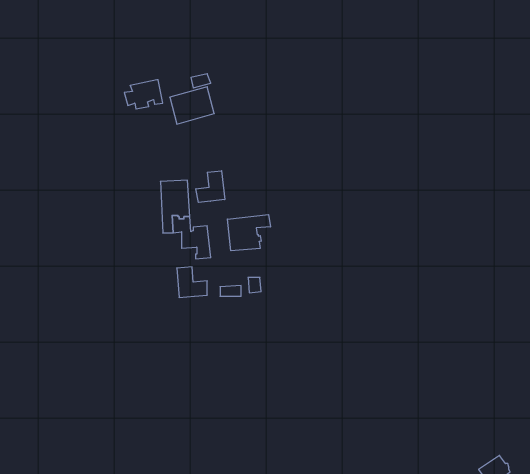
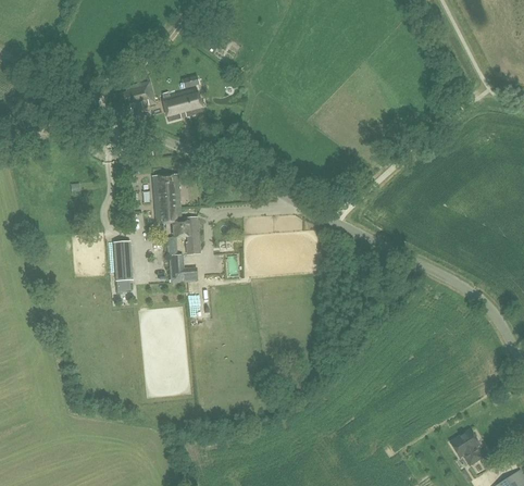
building: [196,171,225,202] -> none
building: [227,215,270,251] -> none
building: none -> [113,240,132,281]

